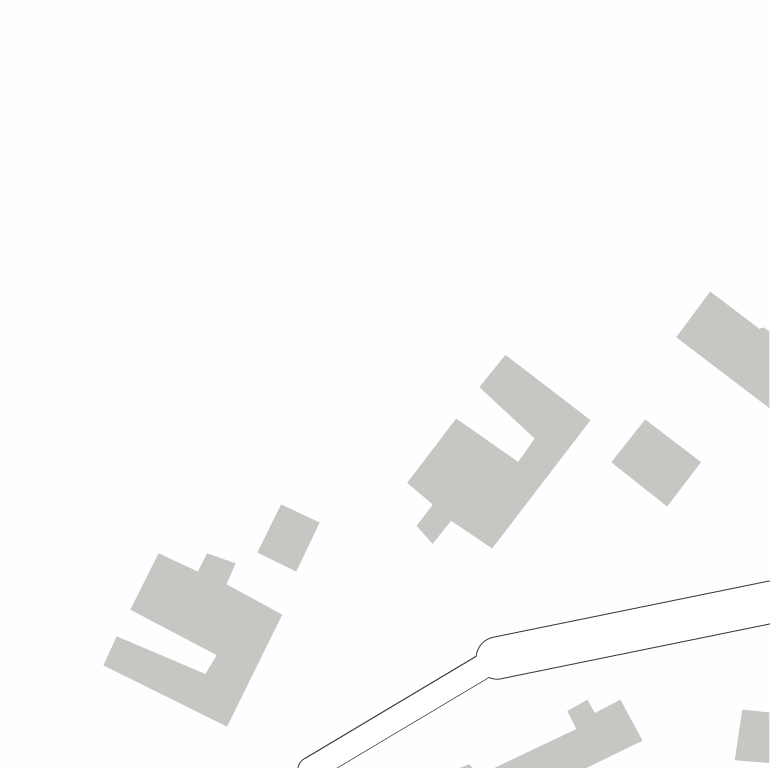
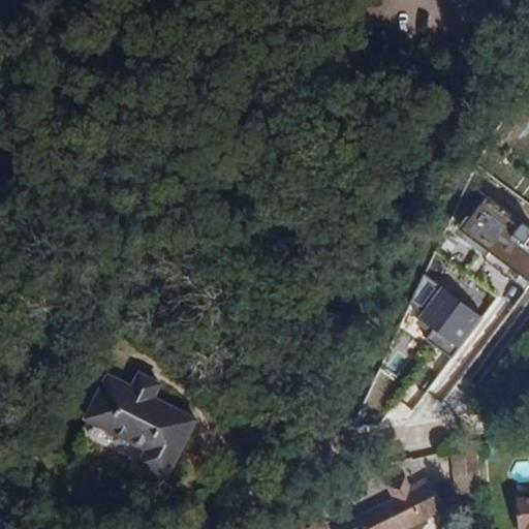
building: [406,354,592,549] -> none
building: [256,503,320,573] -> none

